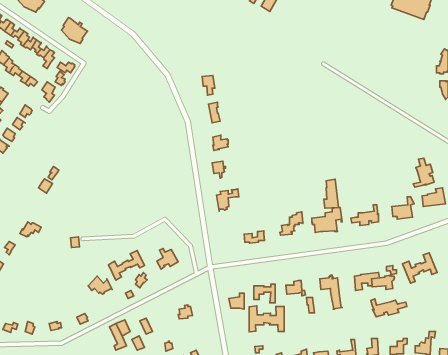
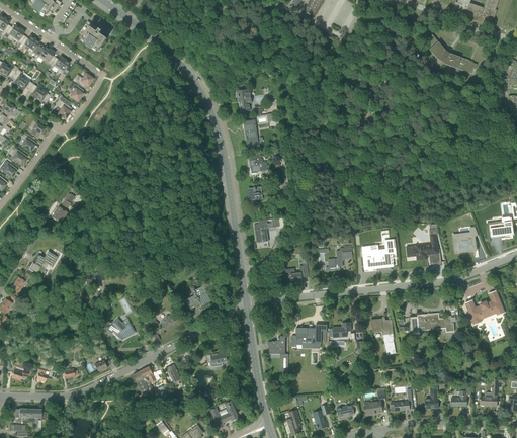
building: none -> [423,34,476,73]
building: [413,158,434,187] -> none
building: [324,179,339,208] -> none
building: [108,251,145,280] -> none
building: [371,299,407,317] -> none
building: [249,306,284,332] -> none

